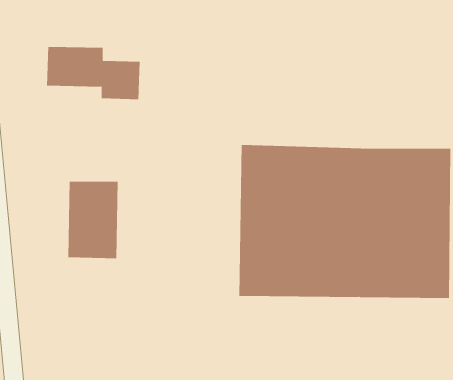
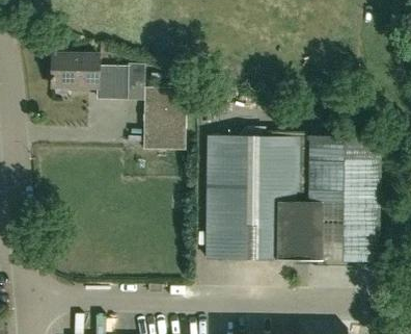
building: [68,181,119,259] -> [144,87,186,151]

